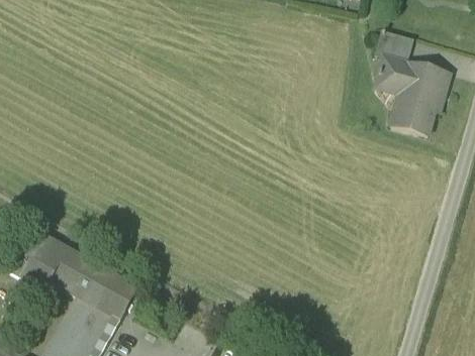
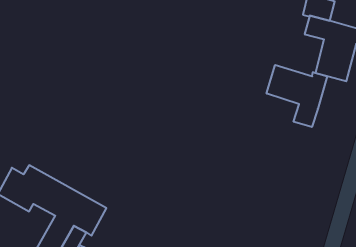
building: none -> [267,65,327,127]

